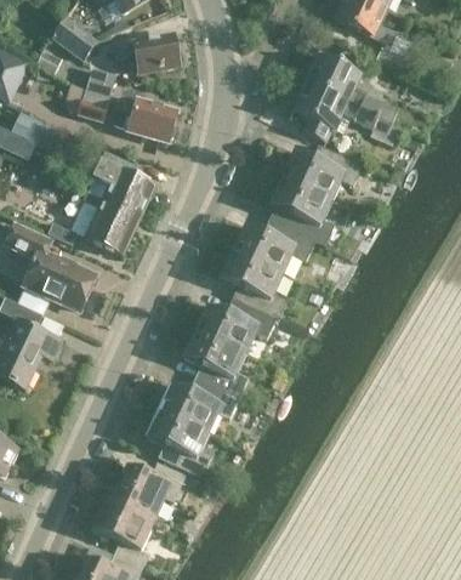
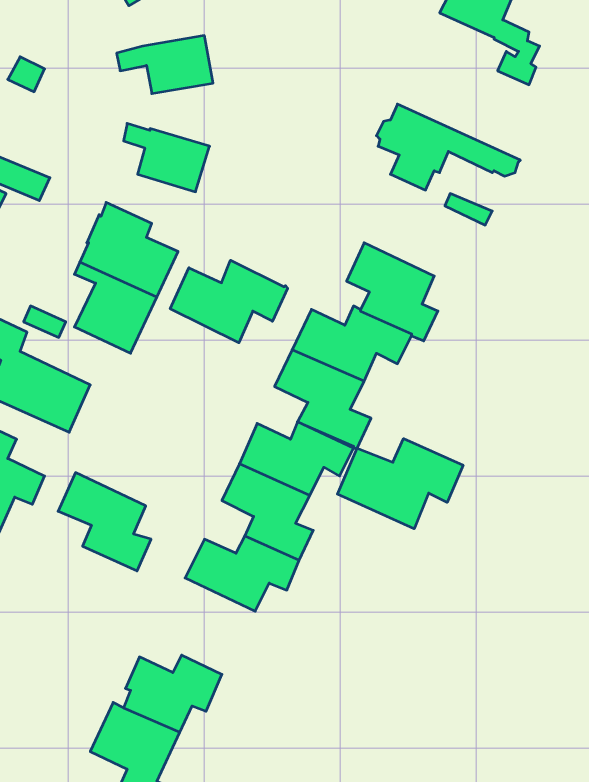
building: [52,18,97,59] -> none
building: [306,53,397,121] -> none
building: [64,68,115,120] -> none
building: [283,147,362,200] -> none
building: none -> [170,260,288,343]
building: none -> [337,439,463,529]
building: [147,409,211,477] -> [58,473,151,571]

